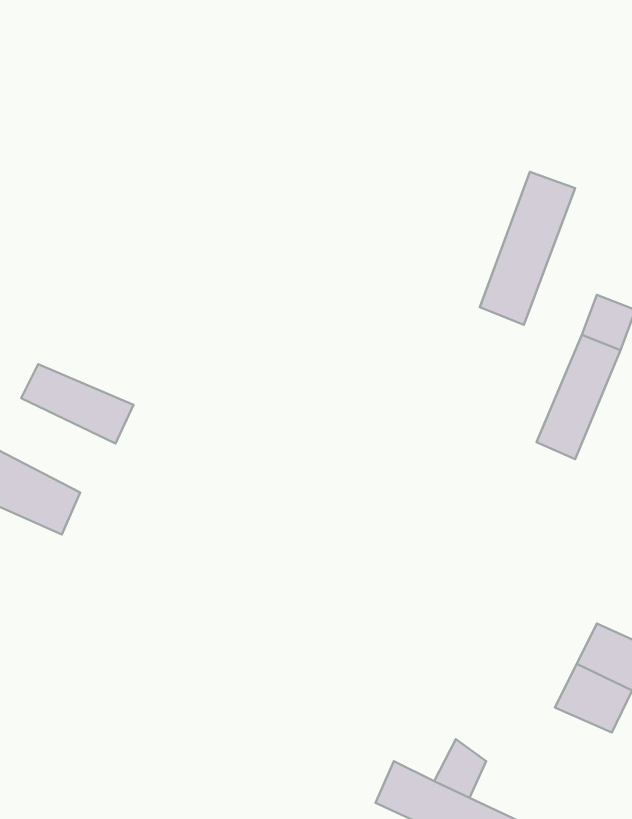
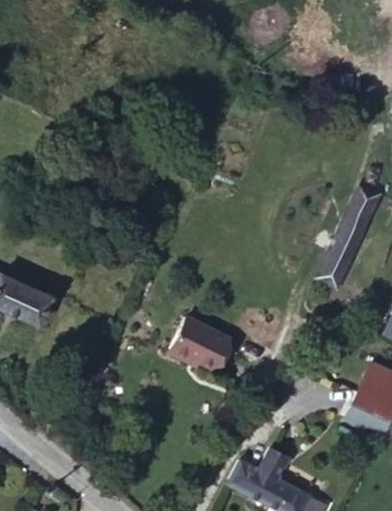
building: [480,172,575,325] -> none
building: [21,364,133,443] -> none
building: none -> [173,317,234,368]

